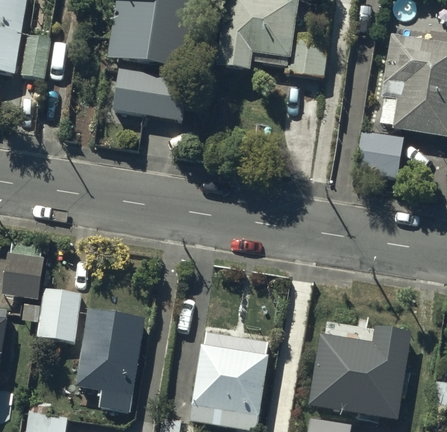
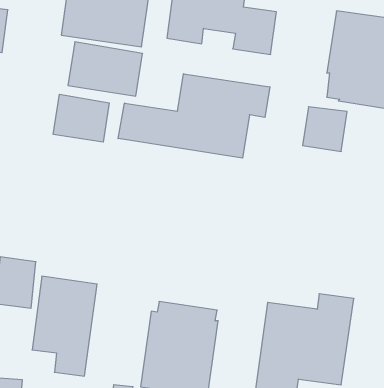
building: none -> [118,74,270,158]
building: none -> [53,94,109,142]

